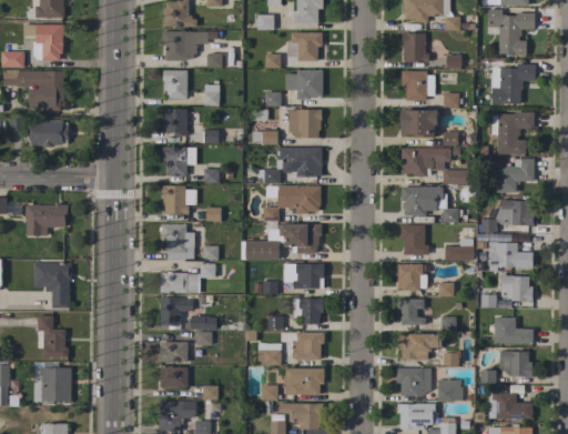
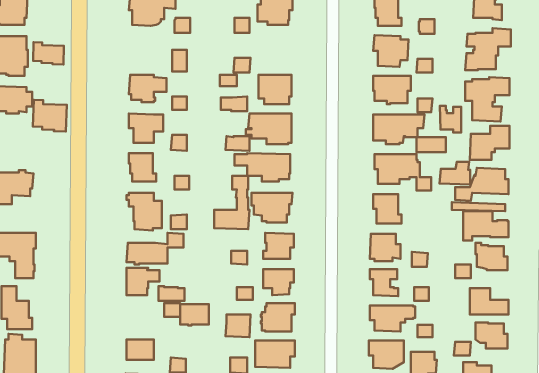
building: [162,70,186,99] -> none
building: [285,70,323,99] -> none
building: none -> [33,42,64,64]
building: none -> [33,100,67,132]
building: none -> [440,106,461,133]
building: [444,239,474,261] -> [440,162,470,185]
building: [160,342,187,363] -> [180,304,209,326]

